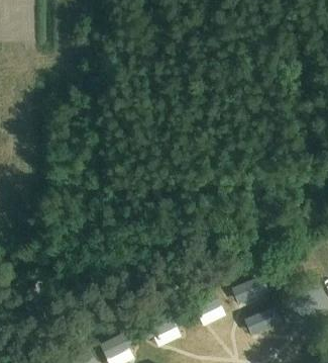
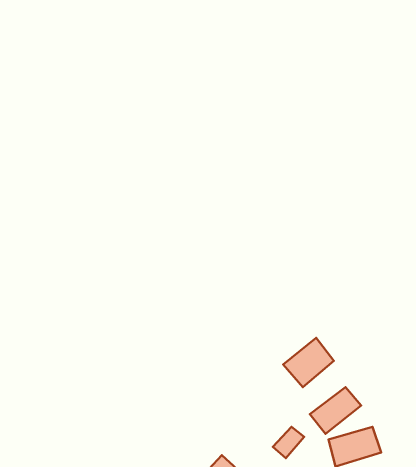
building: none -> [283,338,334,387]

